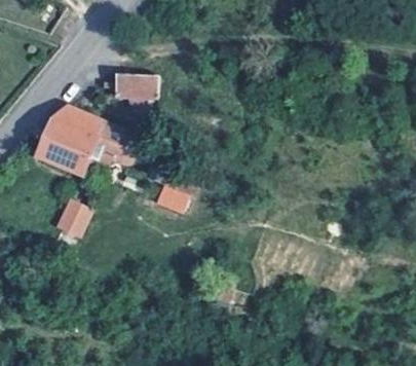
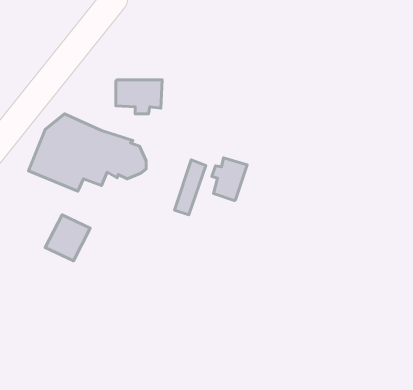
building: none -> [212,158,247,200]

